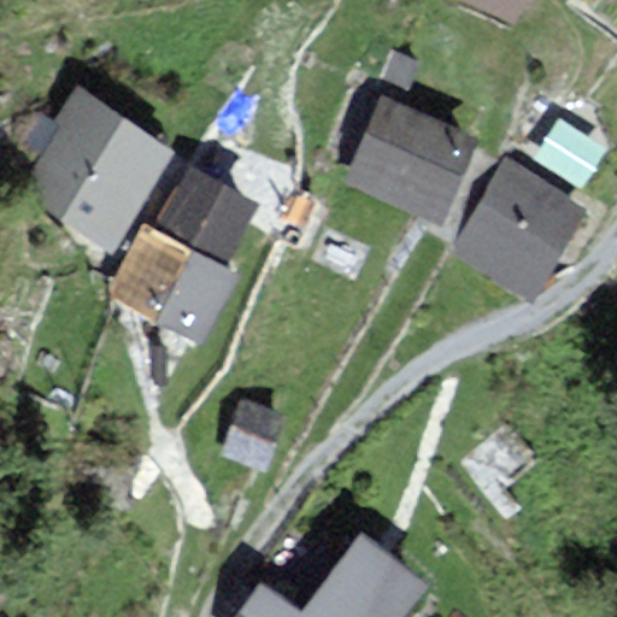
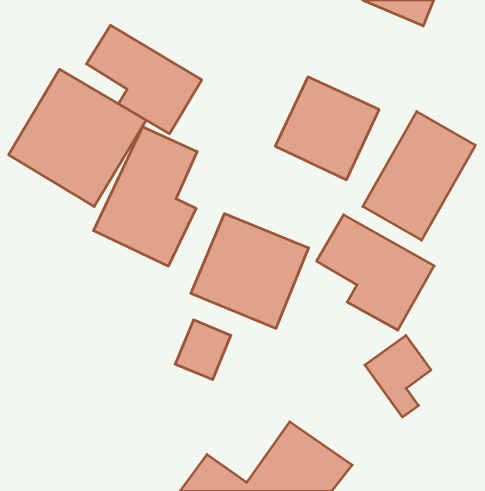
building: none -> [86,25,202,134]
building: none -> [191,214,309,328]
building: none -> [317,215,434,330]

